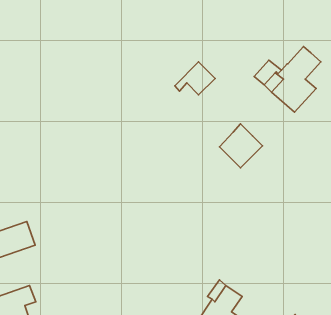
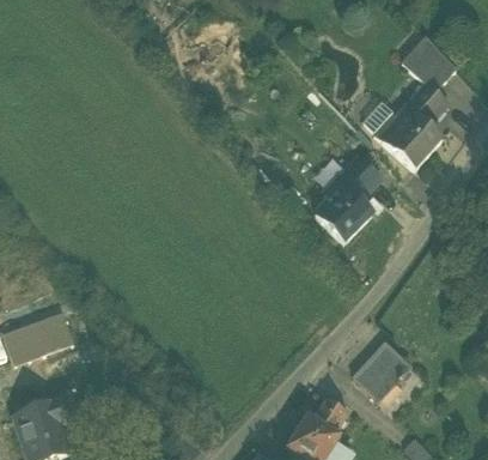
building: none -> [402,35,456,91]
building: [175,62,215,95] -> [328,157,380,200]
building: none -> [353,340,411,400]

